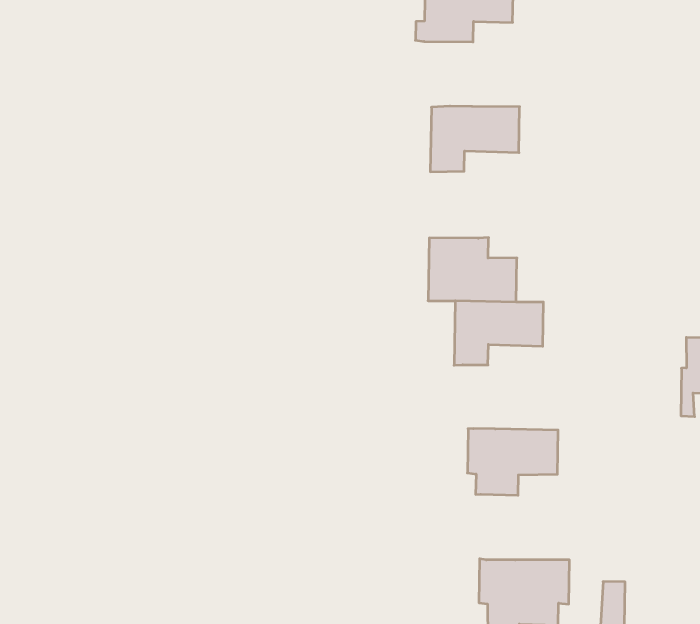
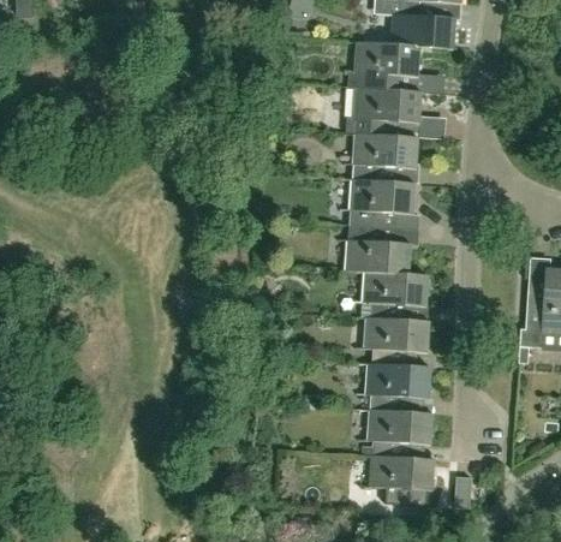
building: none -> [345,85,420,133]
building: none -> [348,178,414,227]
building: none -> [364,316,430,363]
building: none -> [360,409,432,457]

